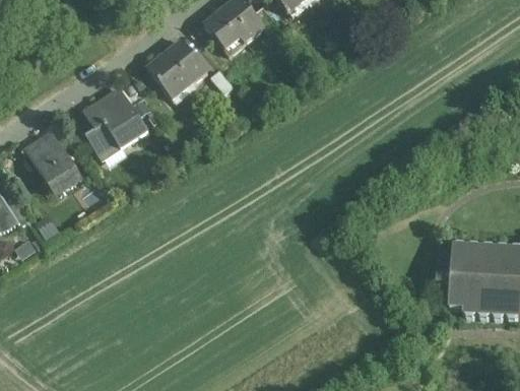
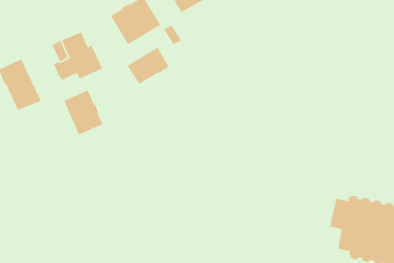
building: none -> [126,47,170,85]
building: none -> [63,90,104,135]

